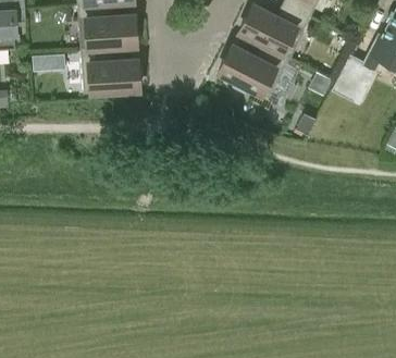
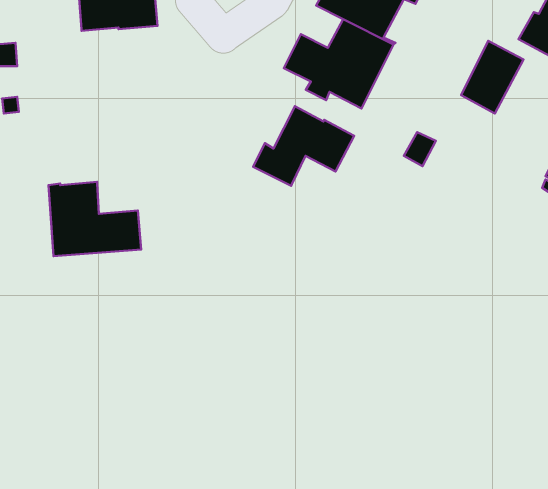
building: [79,45,139,92] -> [48,182,141,256]
building: none -> [253,106,354,186]

